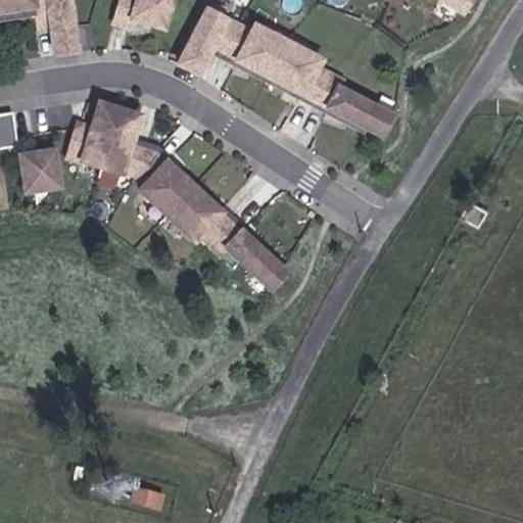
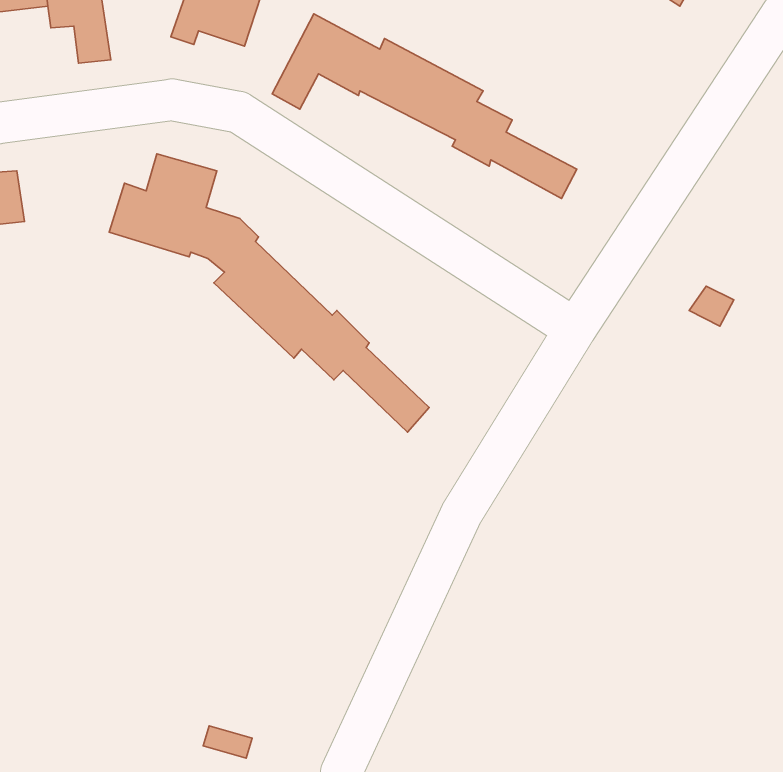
building: [18,153,55,192] -> none

